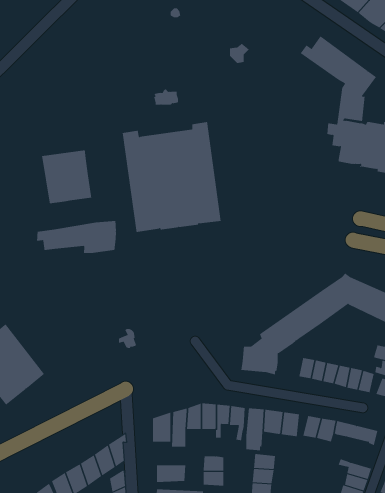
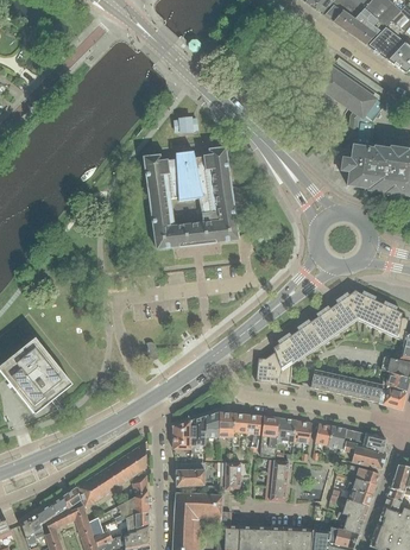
building: [42,149,92,204] -> none
building: [36,220,116,254] -> none
building: none -> [343,441,385,468]

